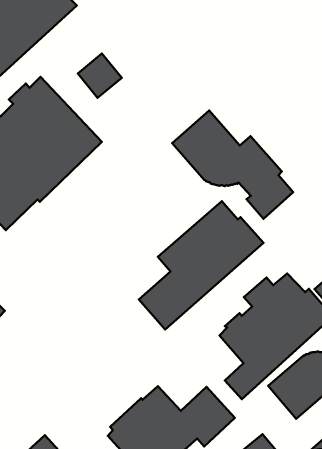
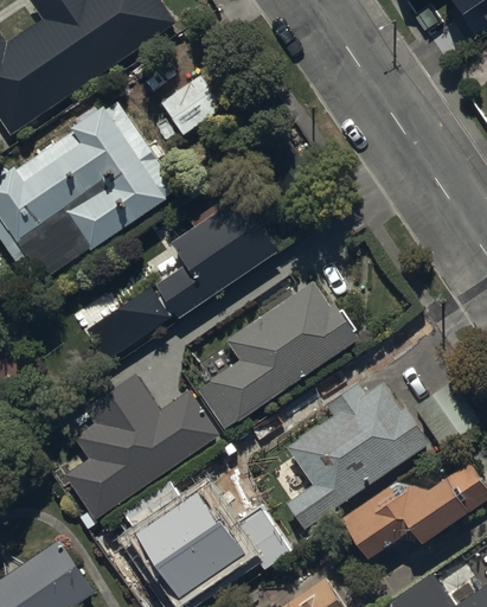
building: [172,110,293,219] -> none
building: none -> [85,194,275,360]
building: none -> [63,371,216,516]

